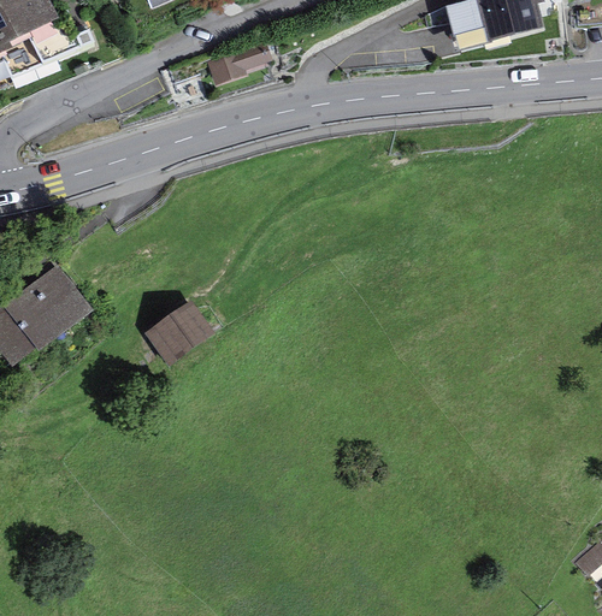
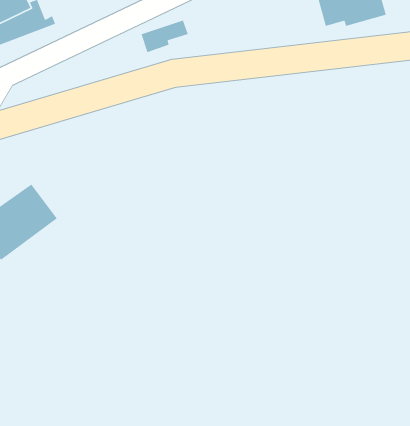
building: [143,300,206,359] -> none

